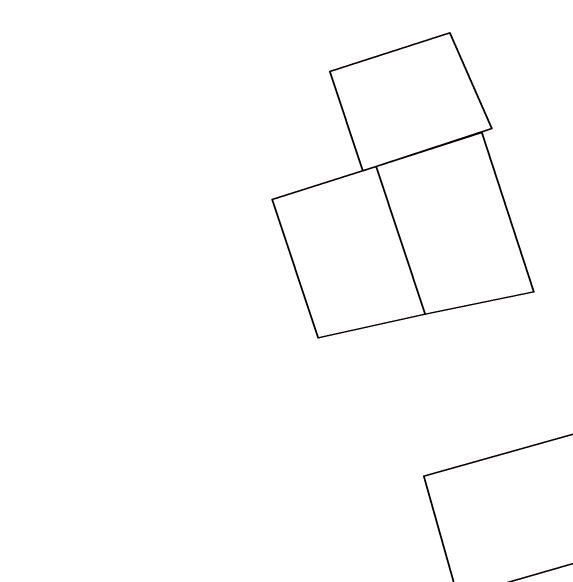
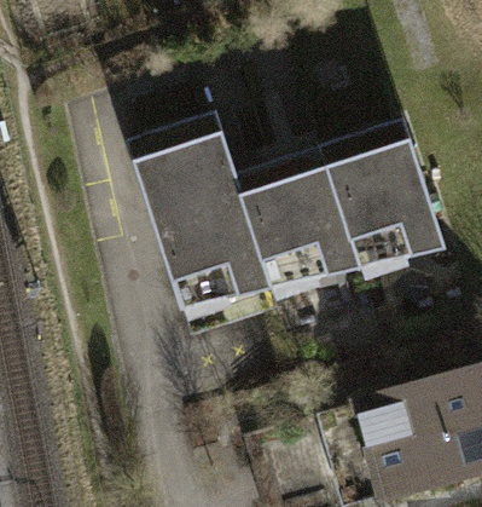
building: [330,33,492,171] -> none
building: none -> [129,119,272,309]

